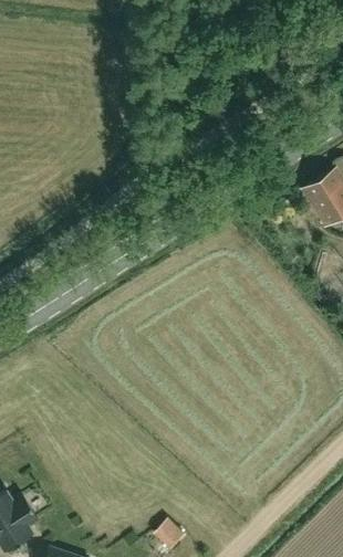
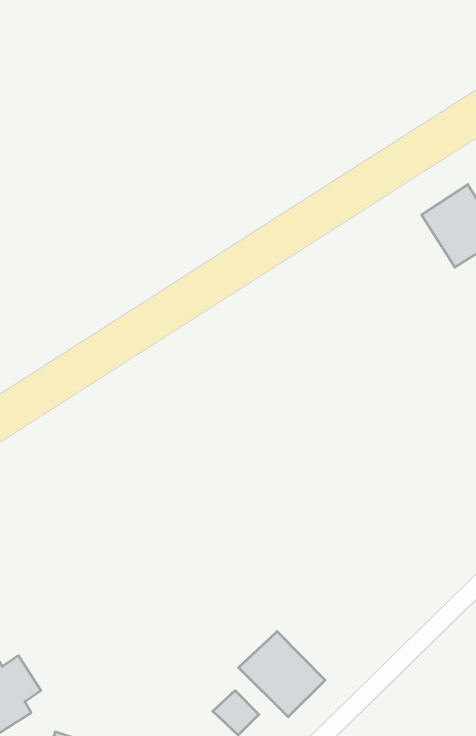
building: none -> [239,631,325,717]

